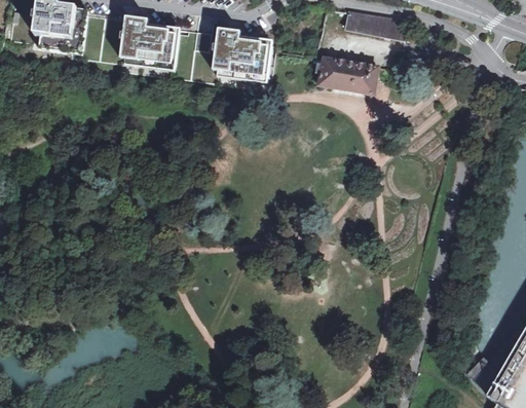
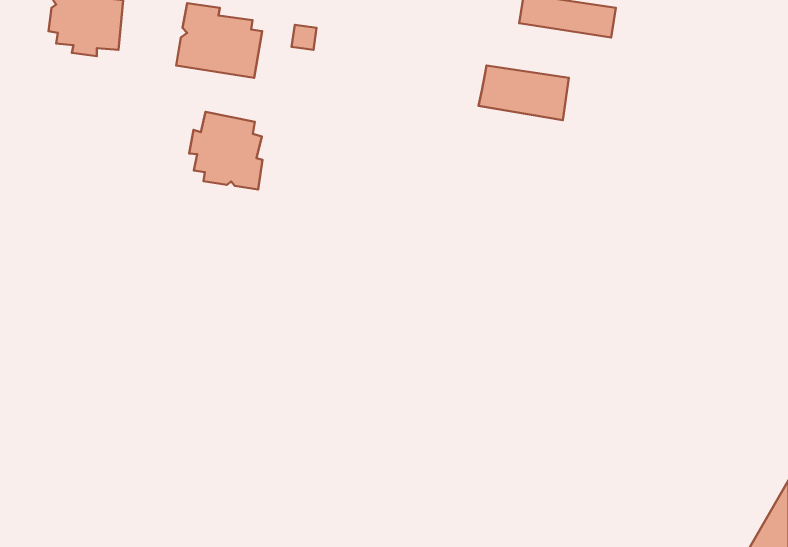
building: [214,29,268,76] -> none
building: none -> [189,112,263,190]

